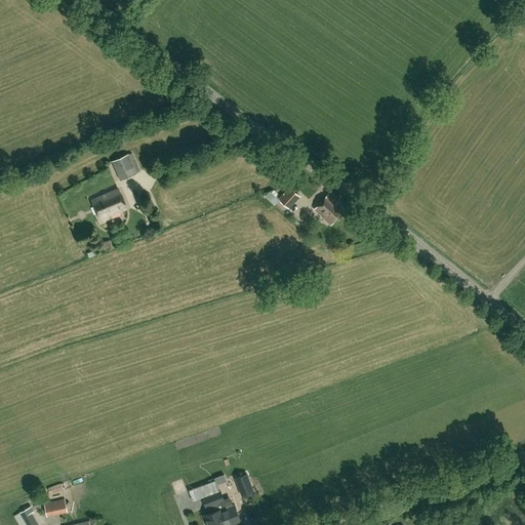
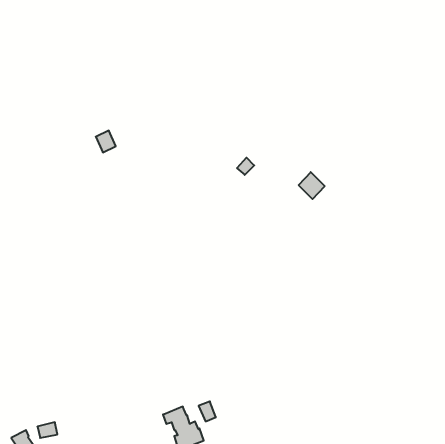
building: [92,190,127,221] -> none
building: [314,194,345,226] -> [299,172,325,199]

